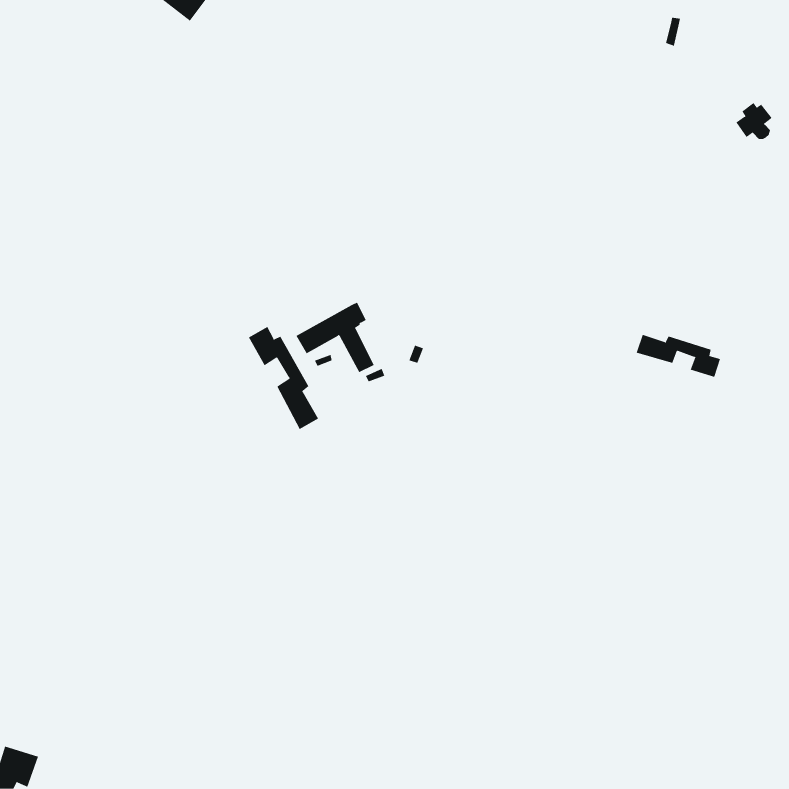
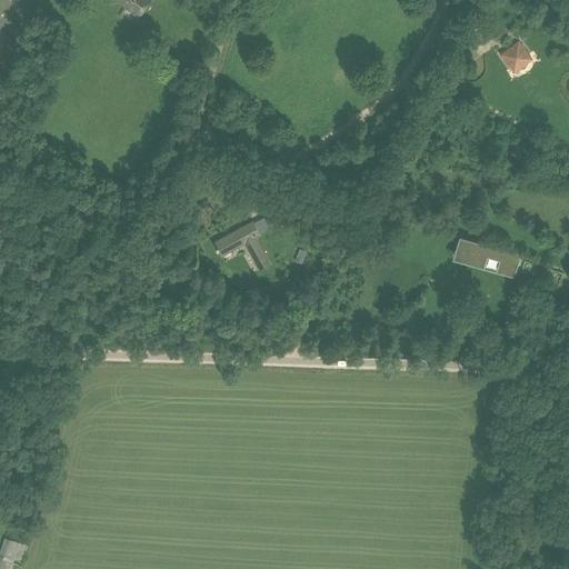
building: [735,102,772,139] -> [501,41,528,68]
building: [248,326,319,430] -> none

